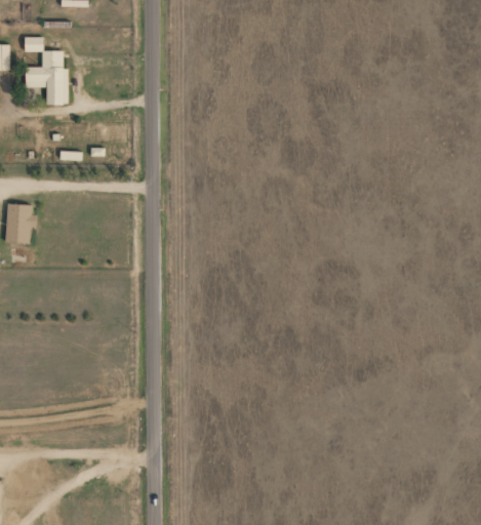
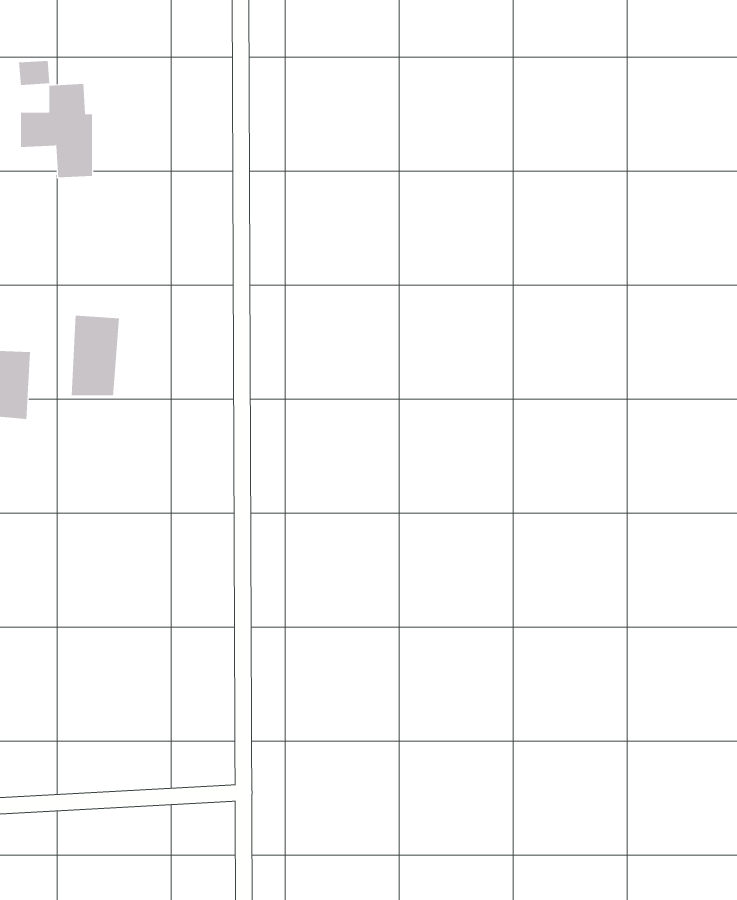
building: none -> [71,315,119,396]

